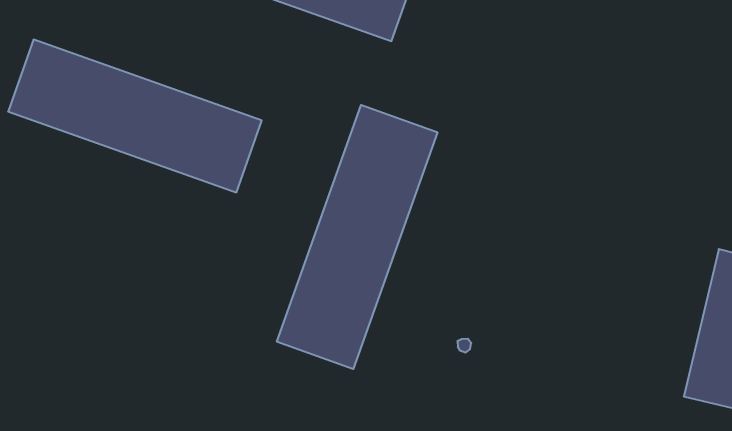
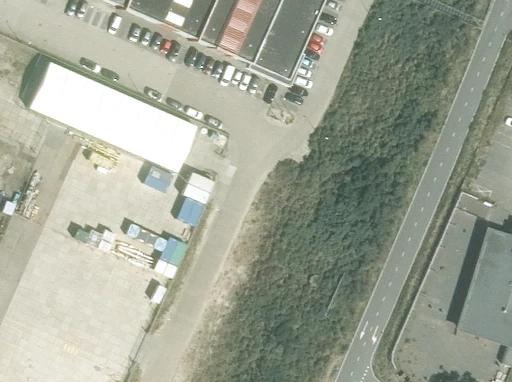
building: [277,105,437,369] -> none

